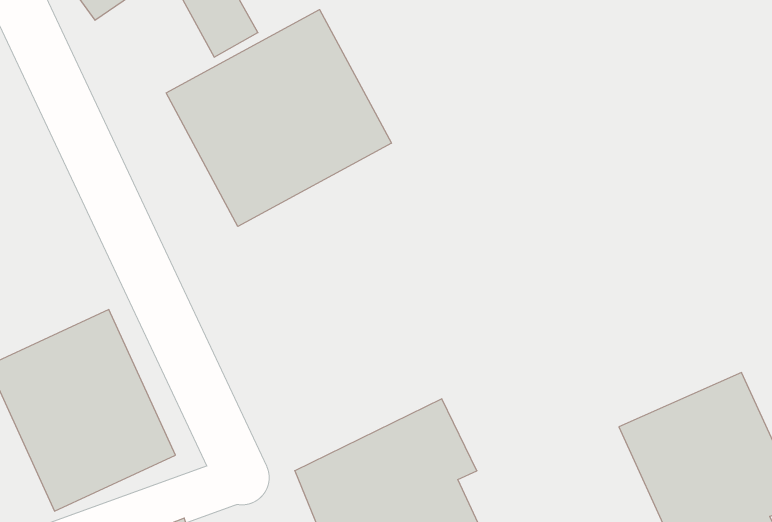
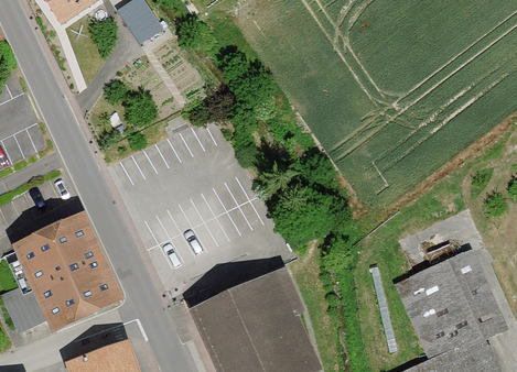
building: [166,10,391,226] -> none

